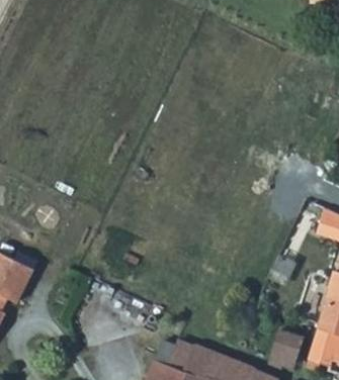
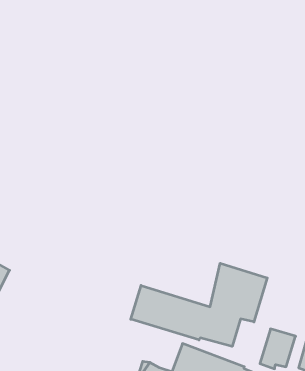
building: none -> [131,263,267,346]

